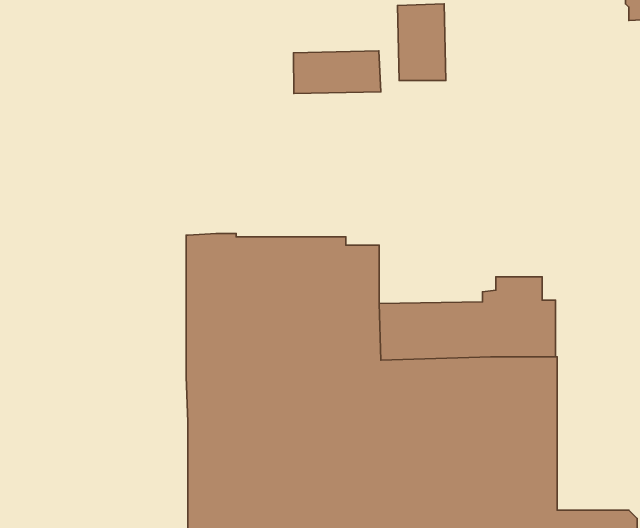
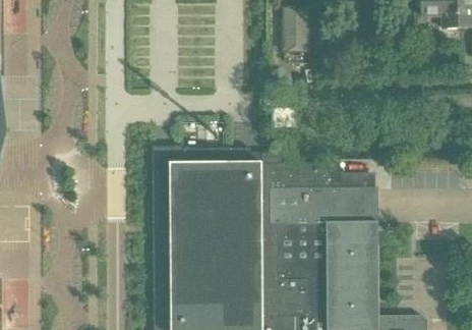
building: [294,51,381,94] -> none
building: none -> [270,154,341,189]

